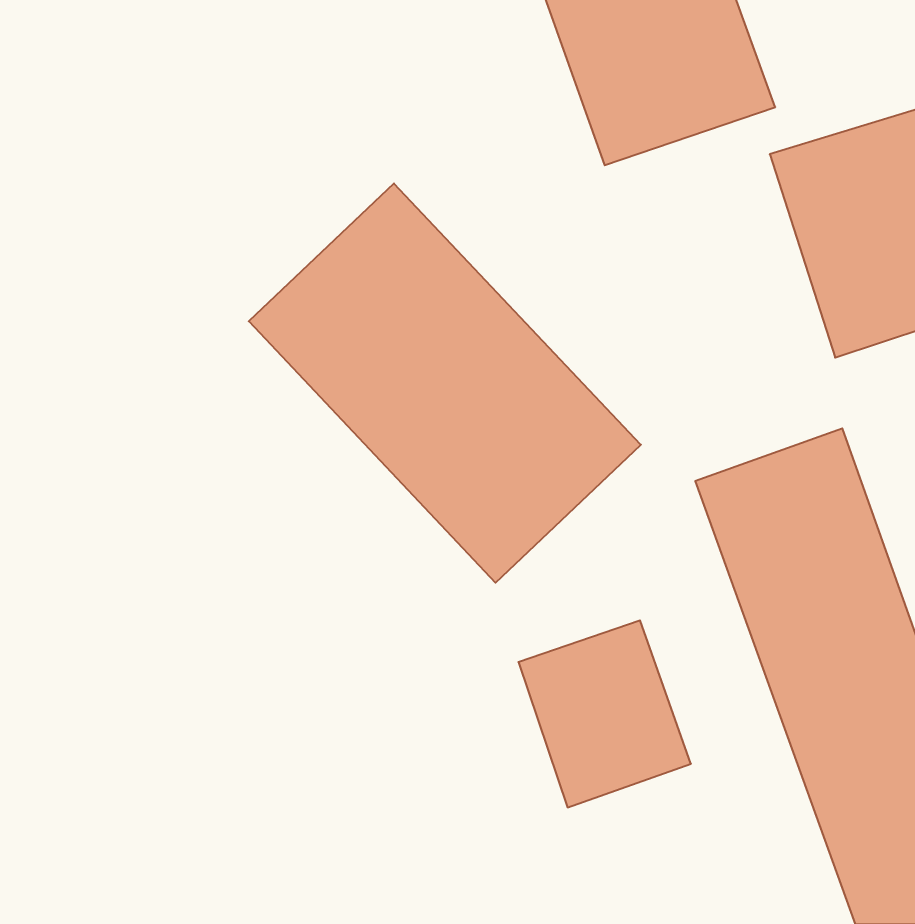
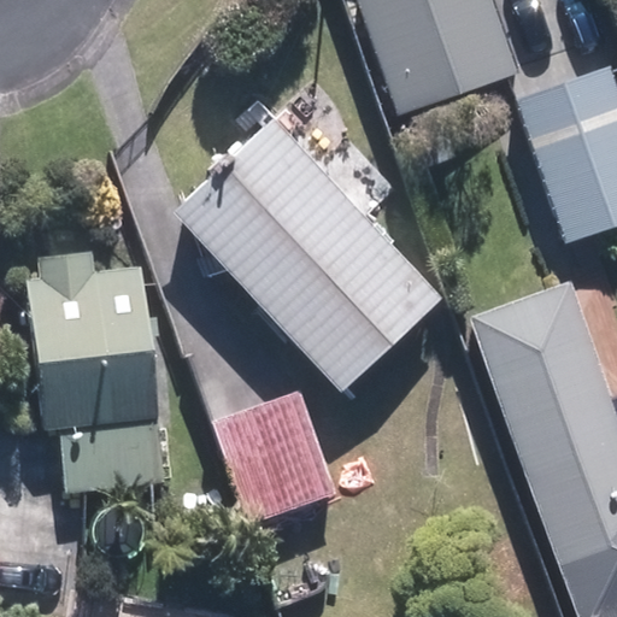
building: none -> [29,252,166,490]
building: [518,620,691,807] -> [217,392,331,516]

